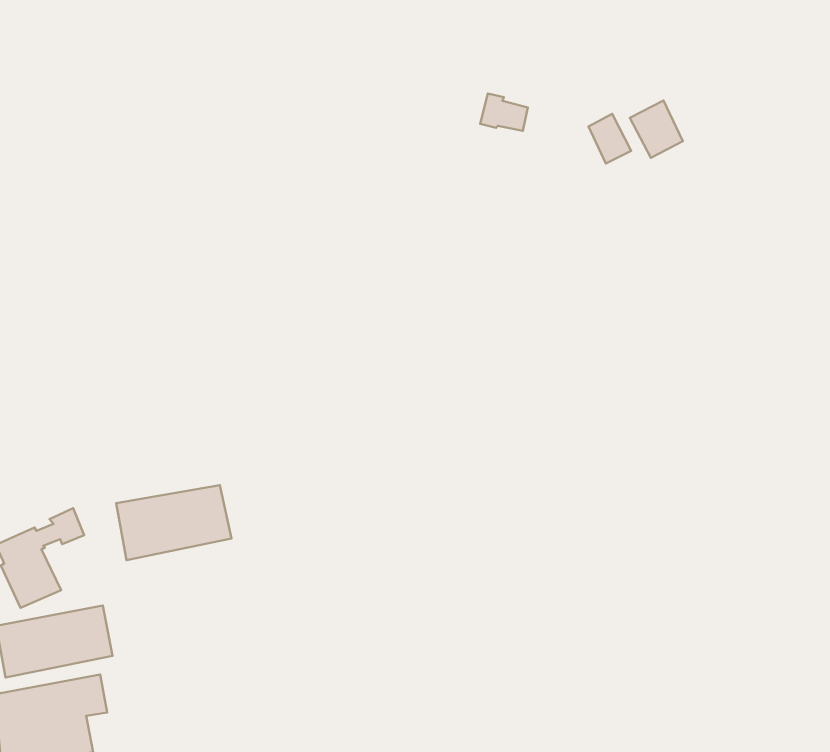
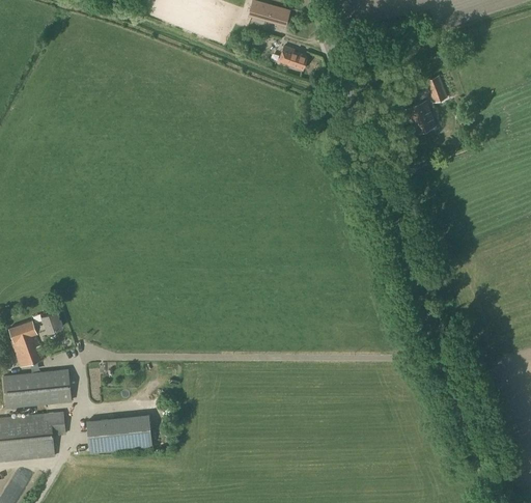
building: [480,93,528,131] -> [278,46,307,69]
building: [589,114,631,163] -> [424,75,448,104]
building: [116,485,232,560] -> [86,414,152,453]

